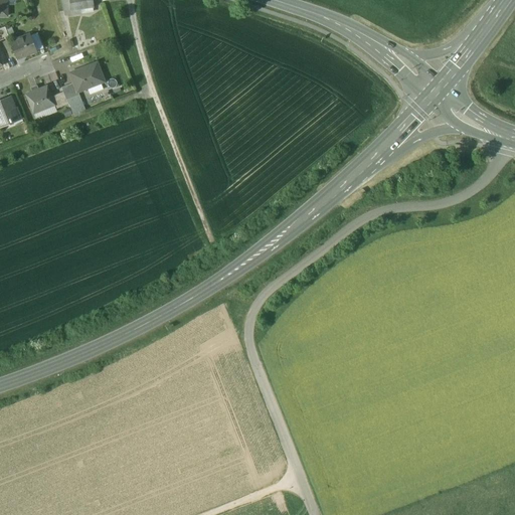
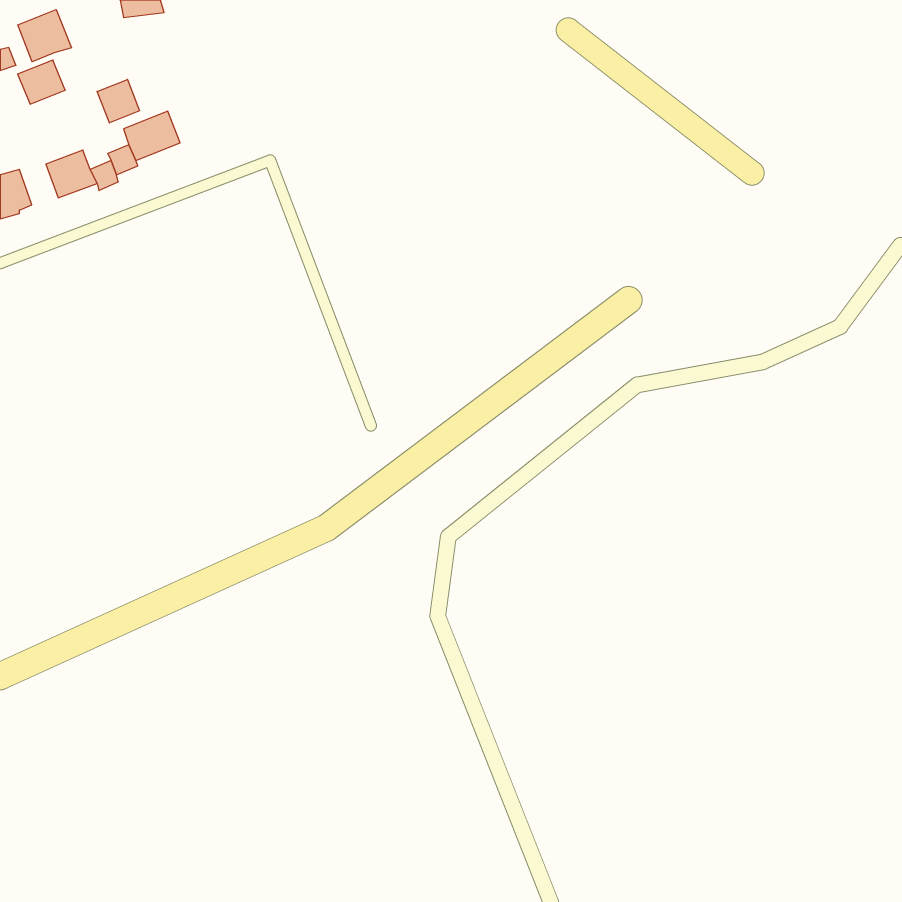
building: none -> [18,10,71,62]
building: none -> [97,79,140,123]

